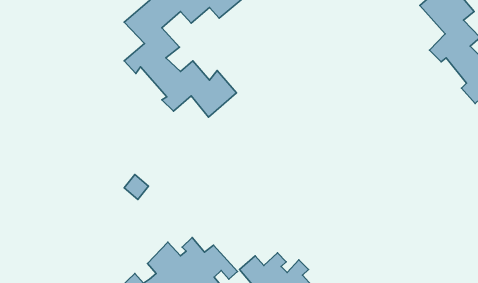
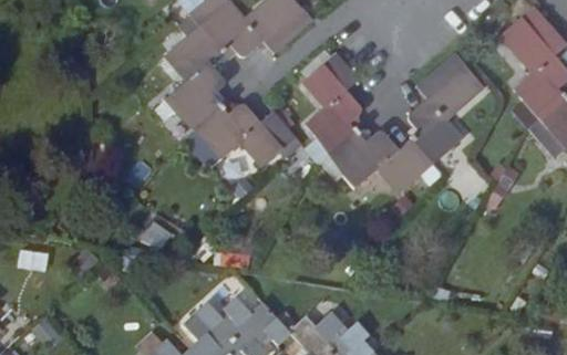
building: none -> [300,60,476,197]

